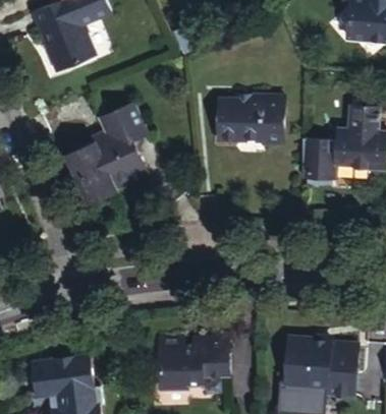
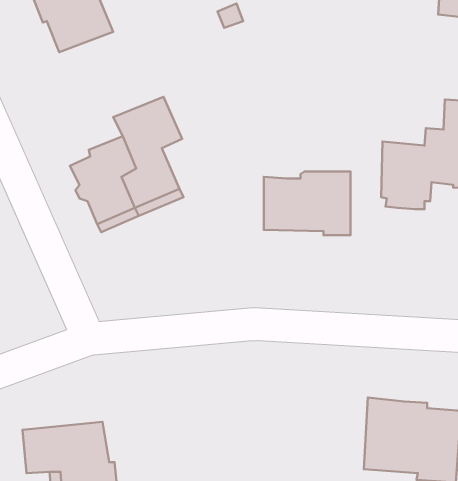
building: [217,96,282,143] -> [264,172,351,235]
building: [157,333,230,389] -> none

